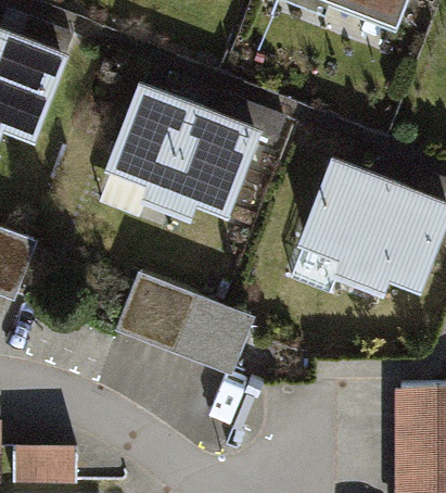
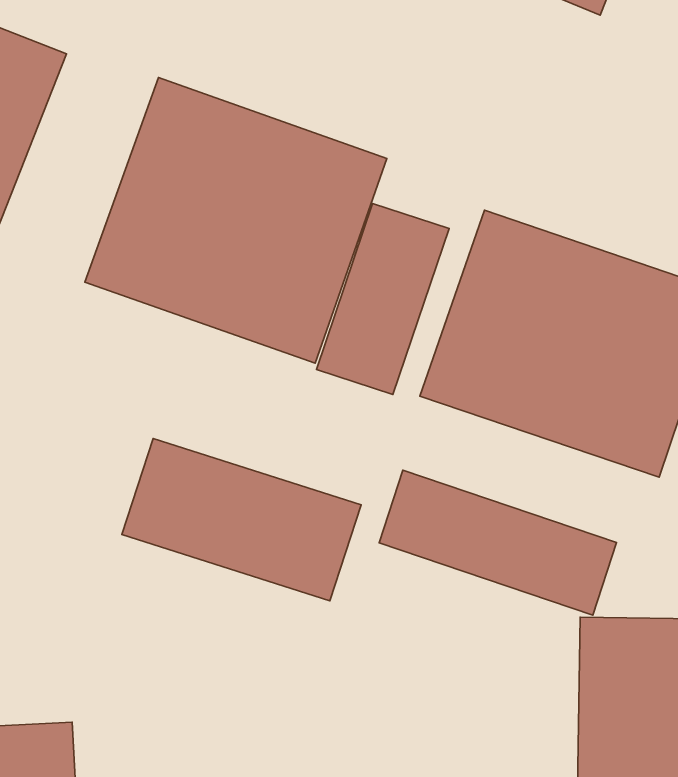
building: none -> [316,203,449,395]
building: none -> [379,470,617,615]

